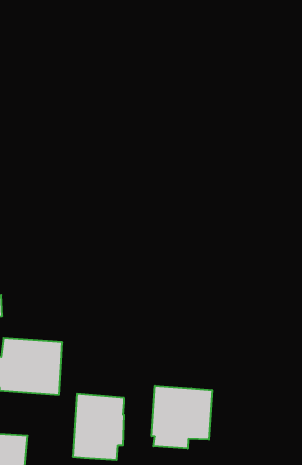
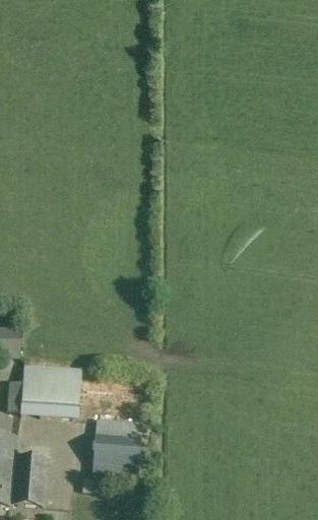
building: [152,386,212,449] -> none

